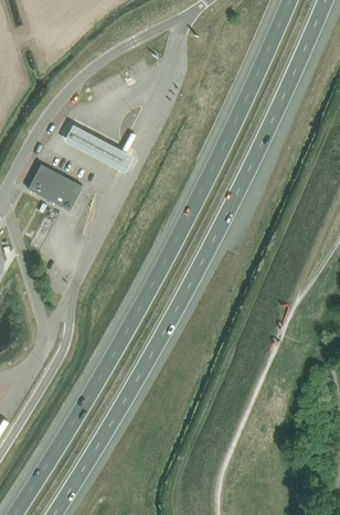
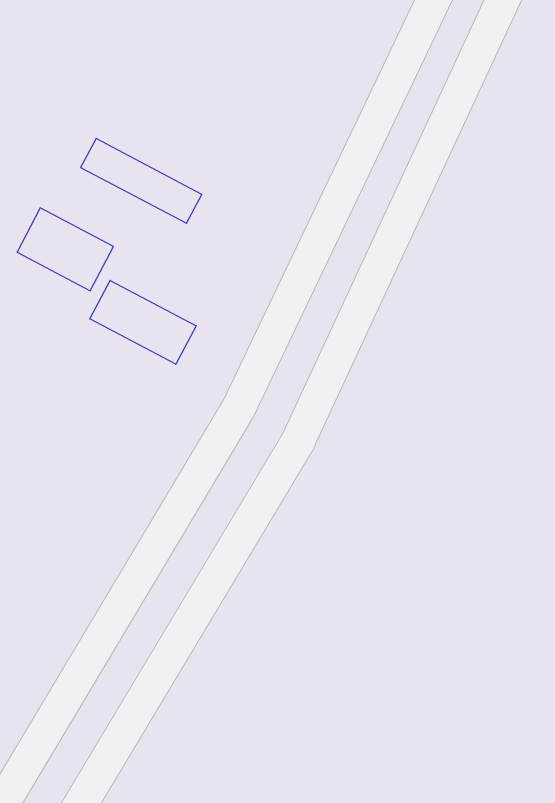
building: none -> [90,280,196,364]

